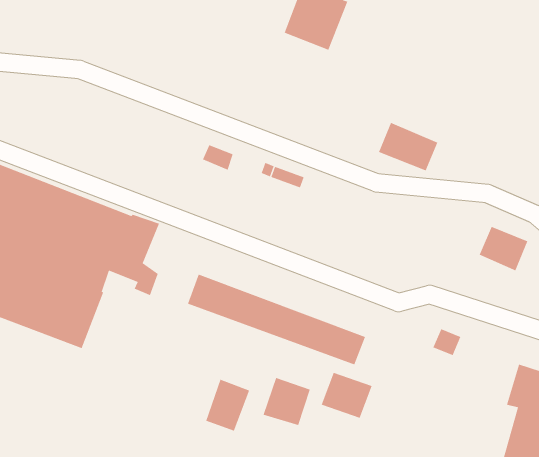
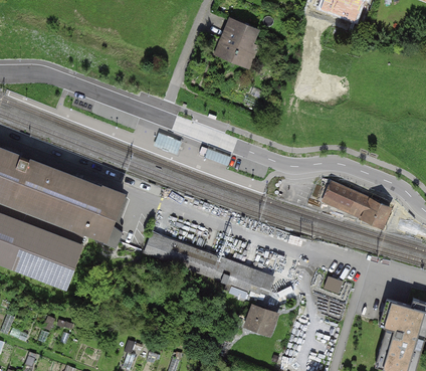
building: [378,122,438,171] -> [323,181,367,217]
building: [263,377,311,426] -> none
building: [206,379,250,431] -> none

